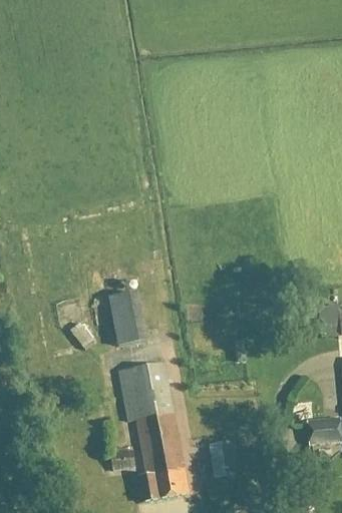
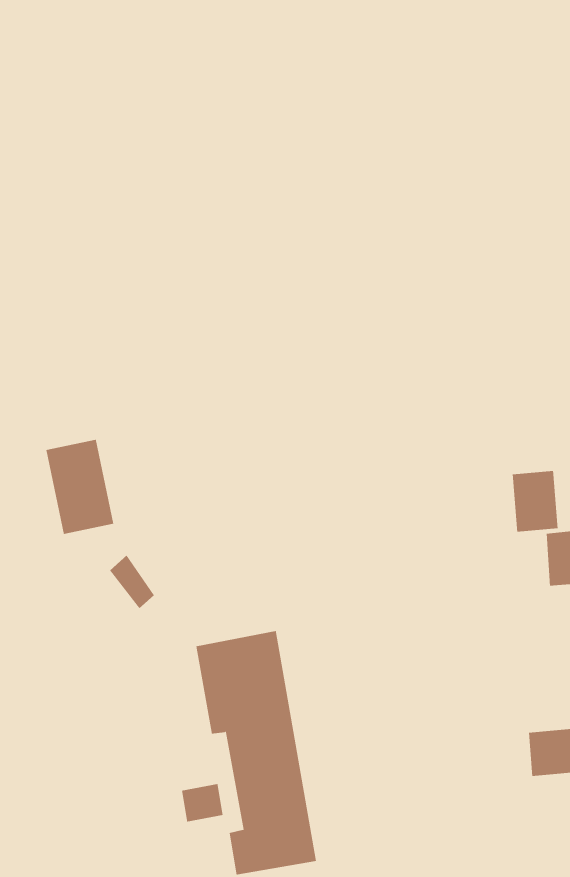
building: none -> [512,470,558,533]
building: [108,291,147,345] -> [45,439,114,534]
building: [210,441,237,476] -> none

